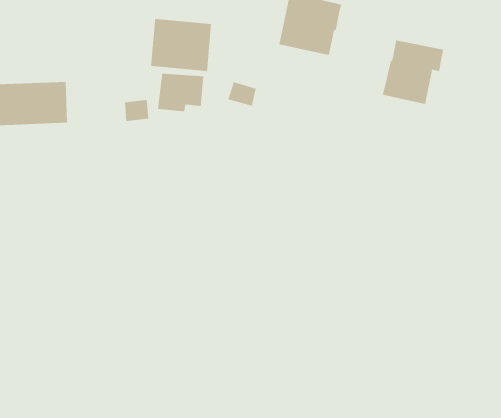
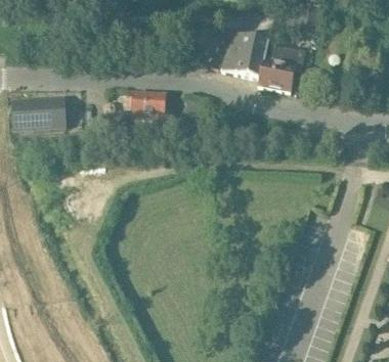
building: [151,18,212,72] -> none
building: [382,40,444,105] -> [257,43,303,91]

